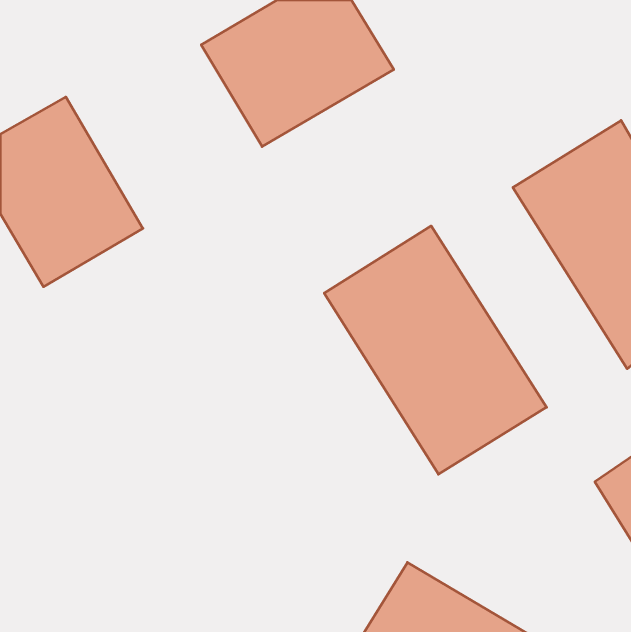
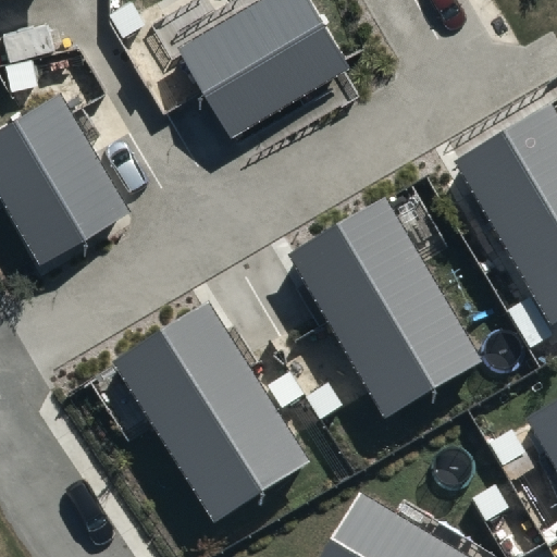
building: none -> [113,304,308,521]

